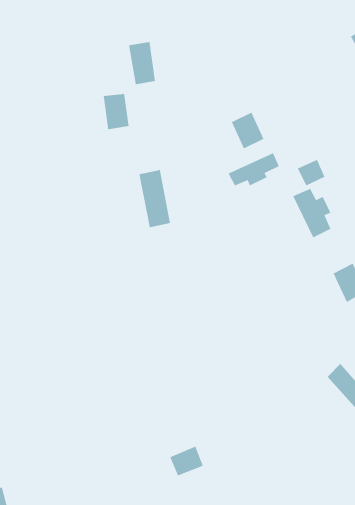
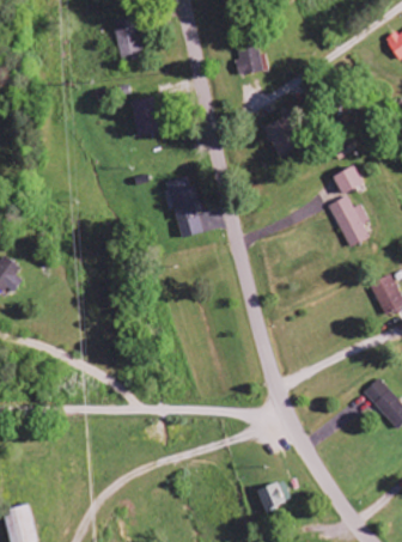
building: [128,41,156,85] -> [114,16,142,61]
building: none -> [236,45,267,73]
building: [227,152,280,187] -> none
building: [169,445,204,477] -> [256,479,292,511]

